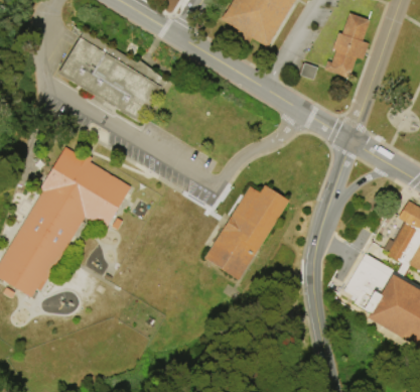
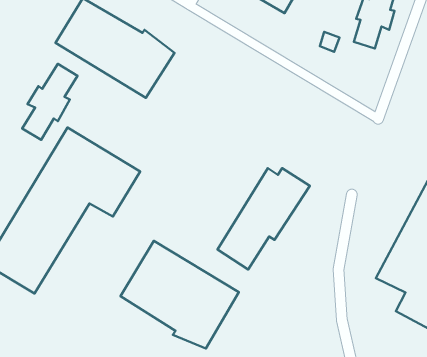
building: none -> [22,64,77,140]
building: none -> [120,241,239,349]

